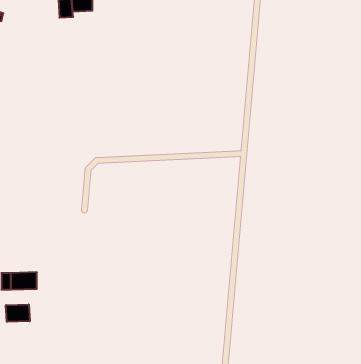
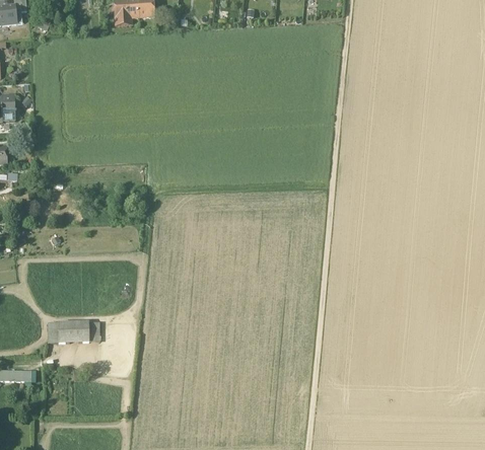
building: [6,304,30,322] -> none

